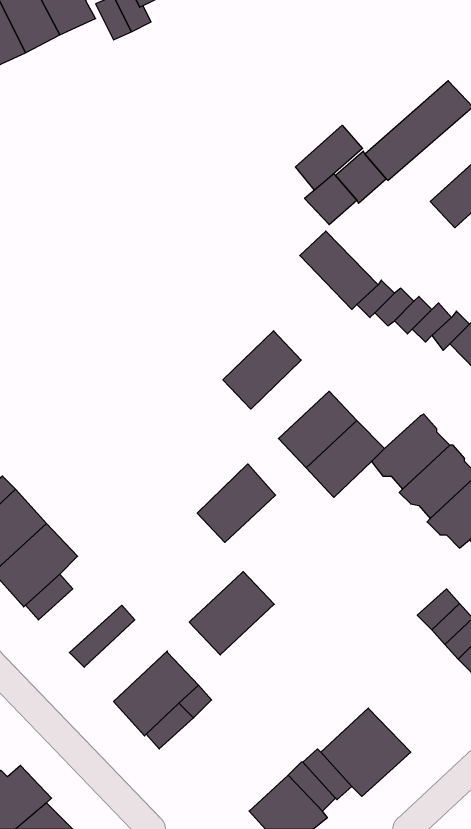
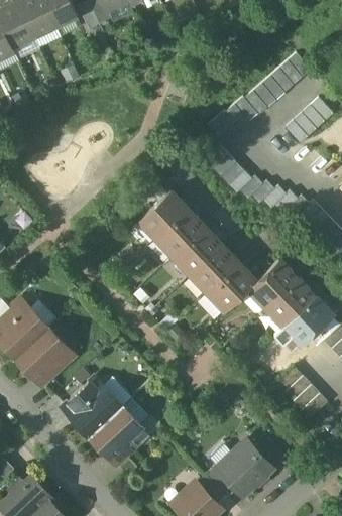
building: [295,125,363,190] -> none
building: none -> [139,189,188,238]
building: [197,464,276,542] -> [174,226,222,274]
building: [189,572,274,655] -> [70,385,122,436]

